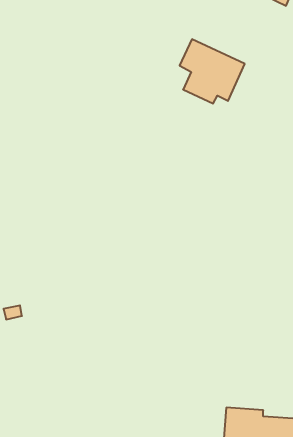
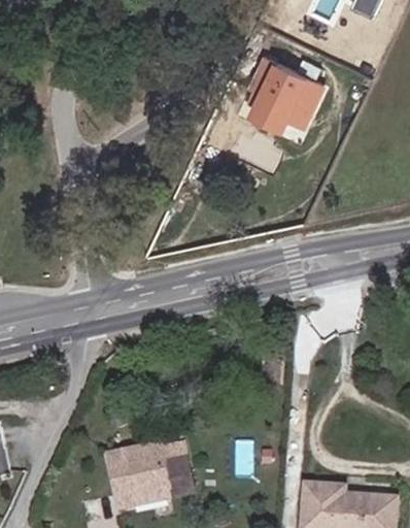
building: none -> [106,450,190,512]

